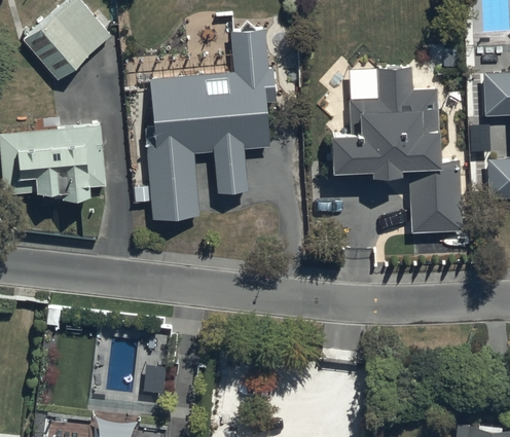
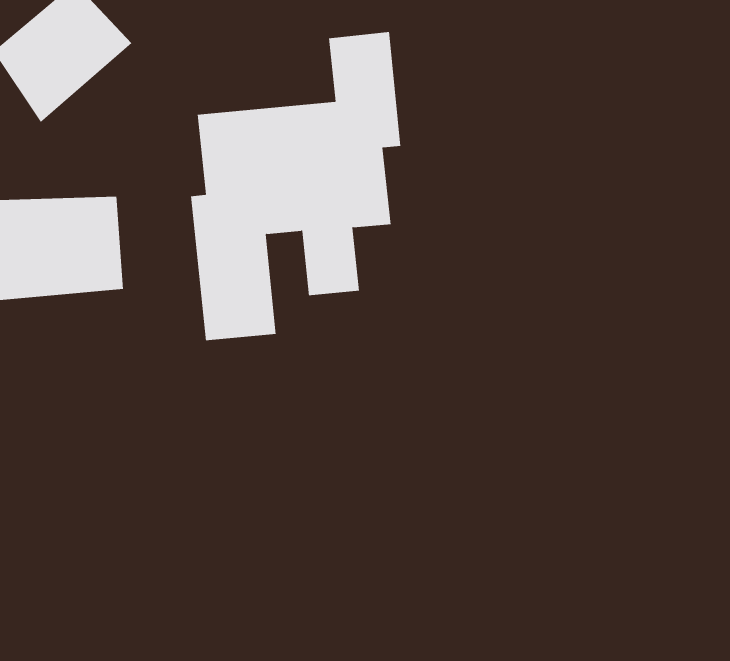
building: [328,63,461,231] -> none

